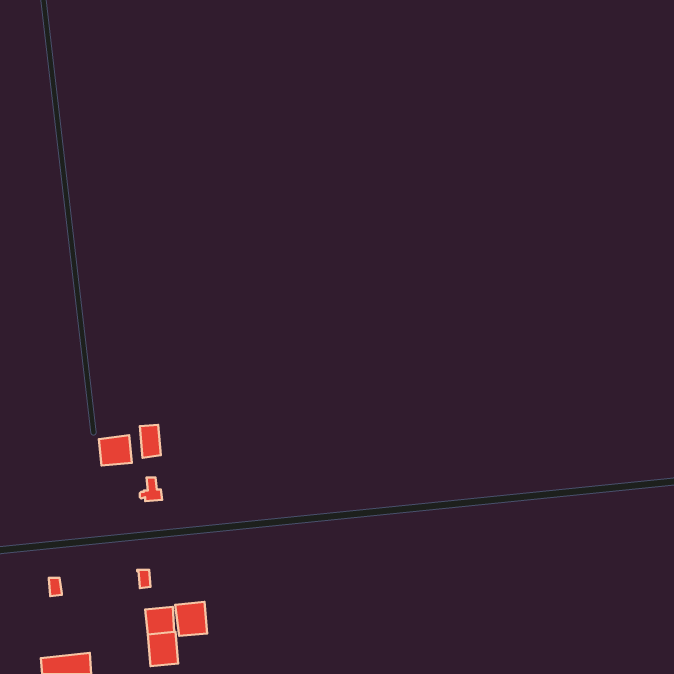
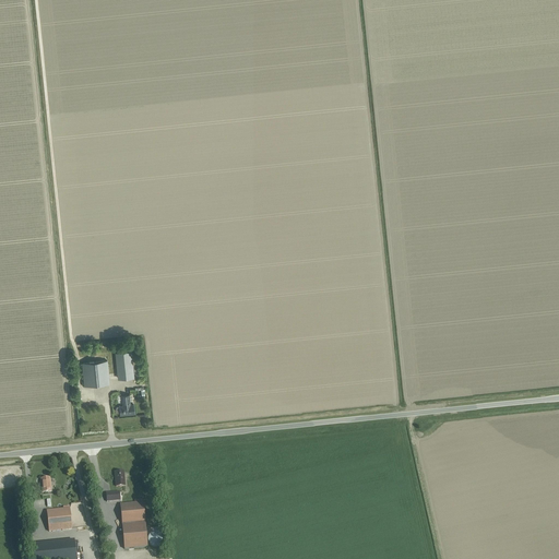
building: [175,602,207,636] -> none
building: none -> [47,509,71,532]

